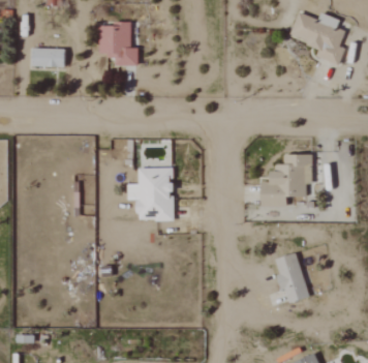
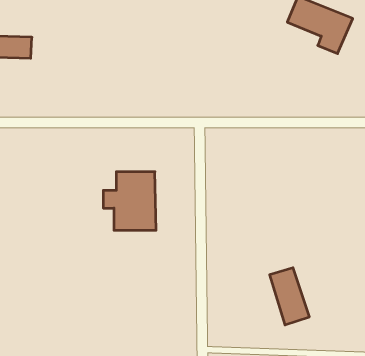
building: [98,22,136,66] -> none
building: [260,153,311,205] -> none

